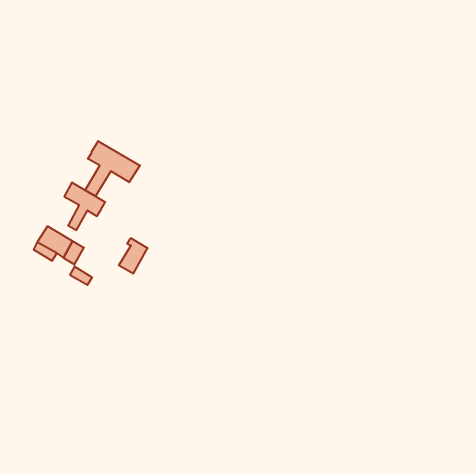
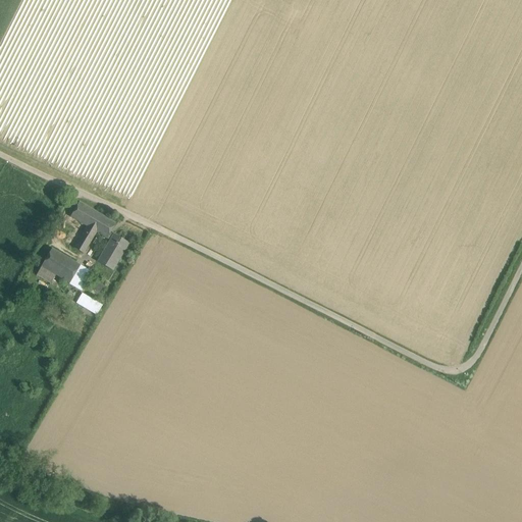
building: [85,141,140,196] -> none
building: [119,238,148,273] -> [97,230,128,269]

